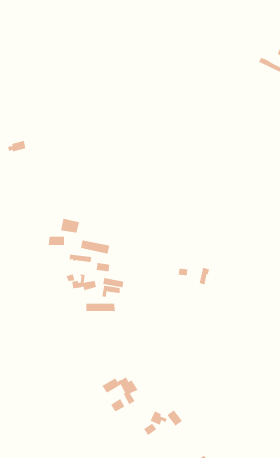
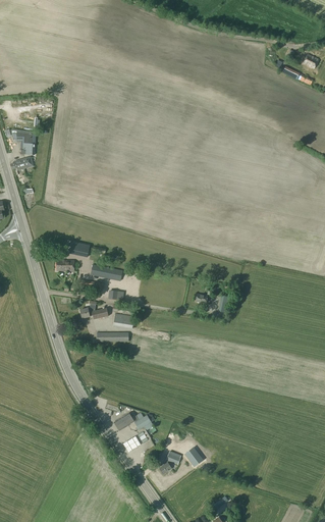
building: none -> [10,127,34,154]

